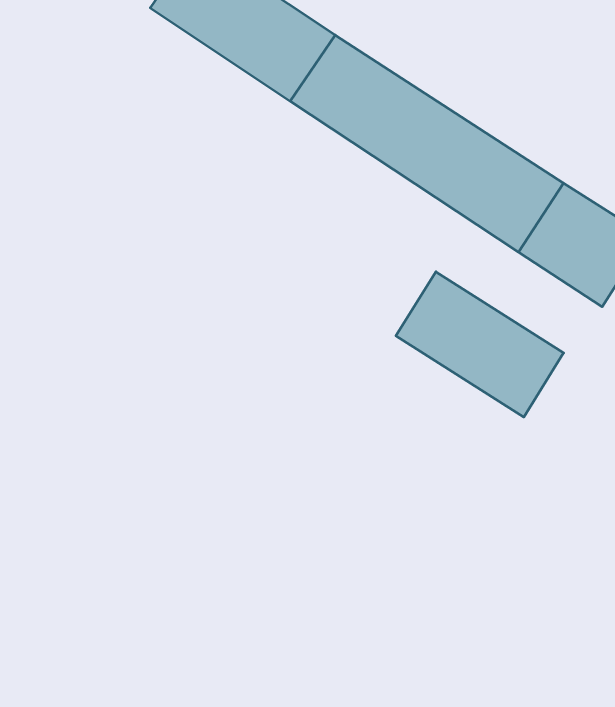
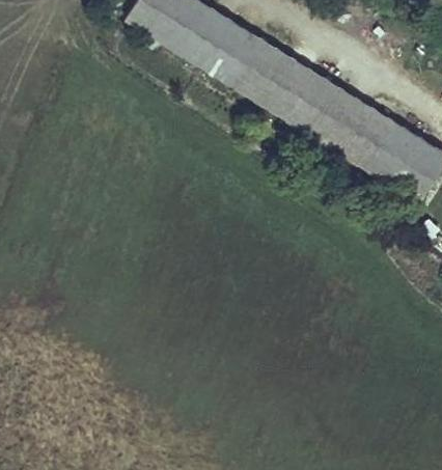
building: [396,272,564,417] -> none

